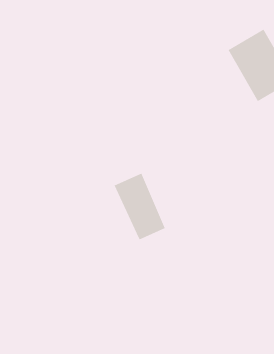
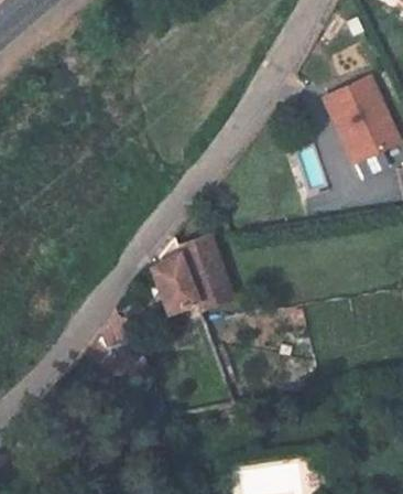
building: none -> [151,238,200,316]

